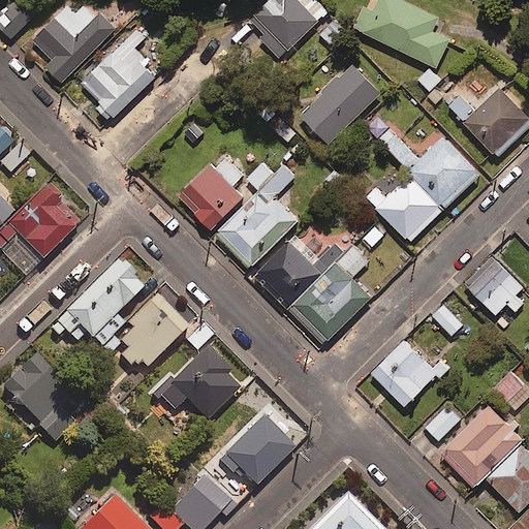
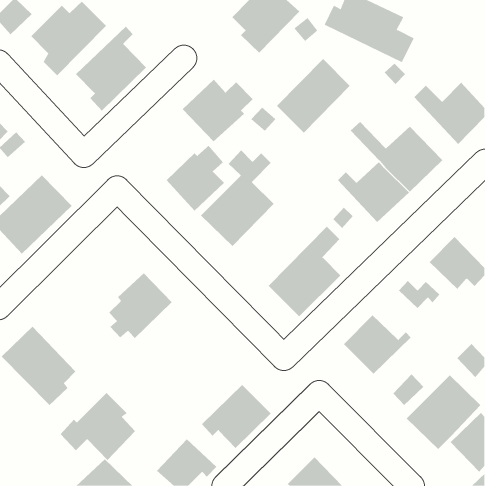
building: none -> [182,79,254,142]
building: [255,230,343,308] -> none
building: [49,258,145,355] -> none
building: [155,346,238,421] -> [60,392,136,461]

